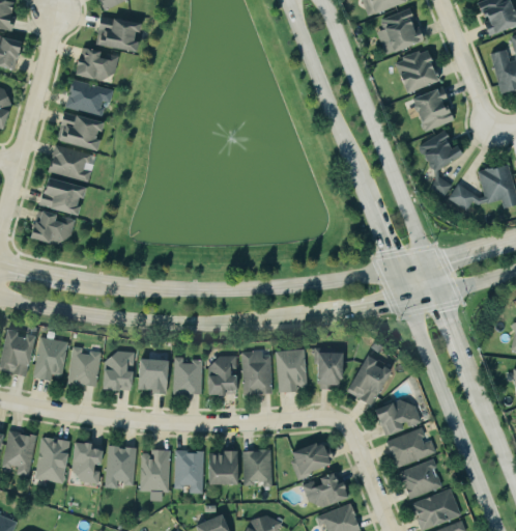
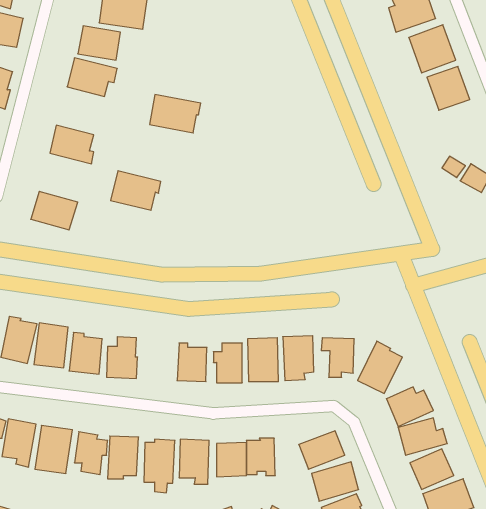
building: [58,113,108,150] -> [150,95,201,133]
building: [417,131,467,172] -> none
building: [40,177,89,216] -> [111,171,161,210]
building: [139,360,169,392] -> none

